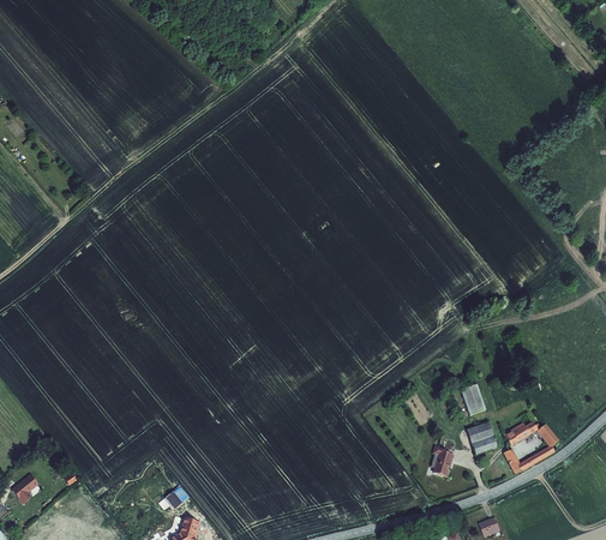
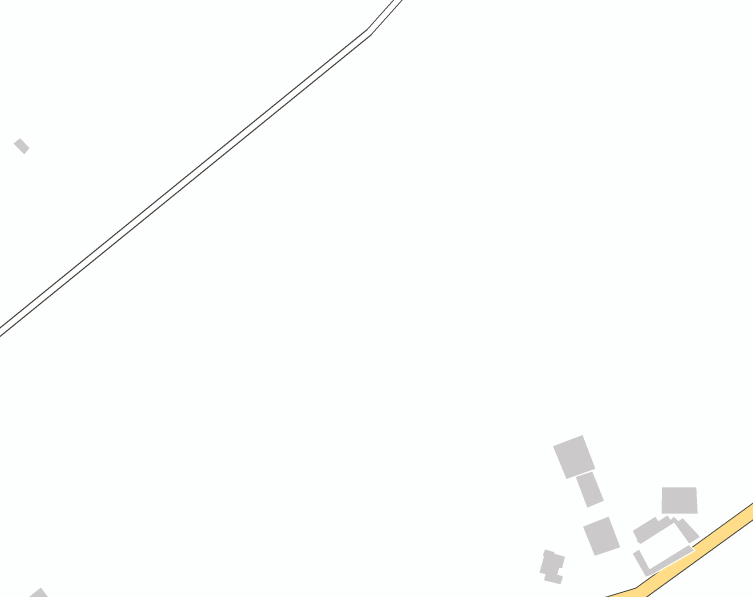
building: none -> [552,434,596,480]
building: none -> [661,486,698,514]

